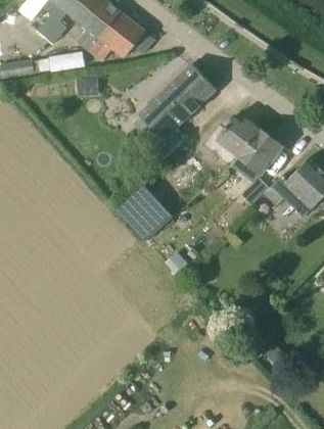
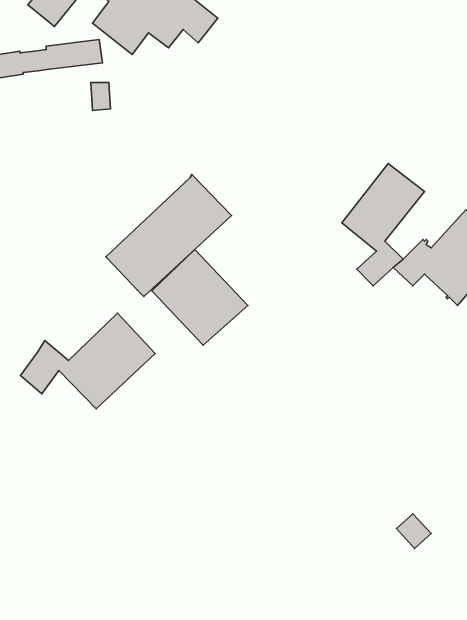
building: [138,63,216,139] -> [106,174,231,297]
building: [212,116,260,165] -> none
building: none -> [20,313,155,409]

